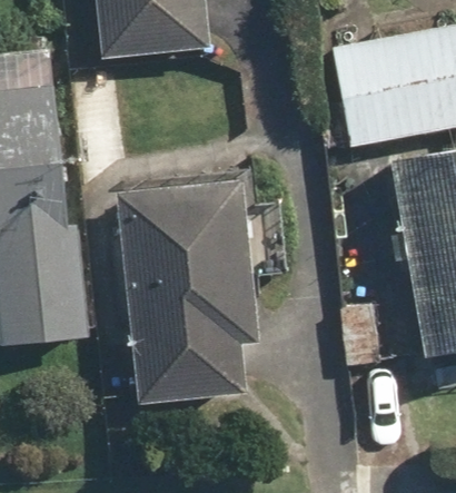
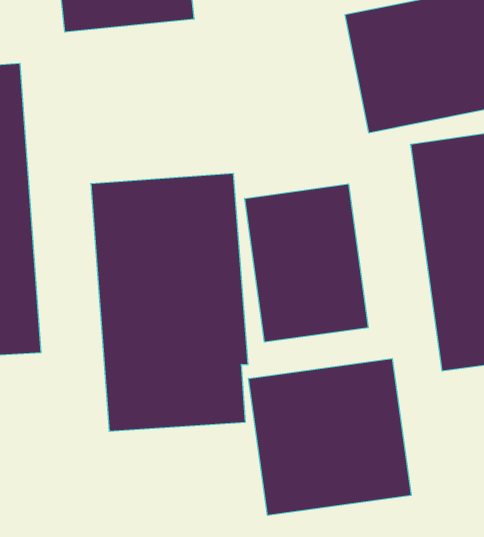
building: none -> [245,184,368,342]
building: none -> [249,359,411,515]

